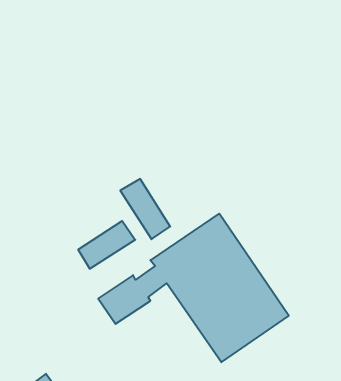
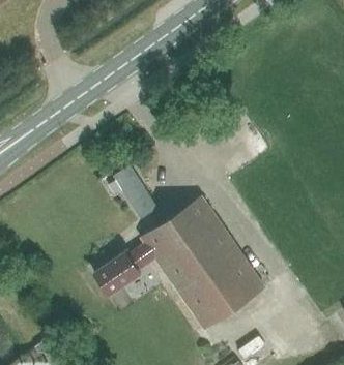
building: [78,221,135,269] -> none

